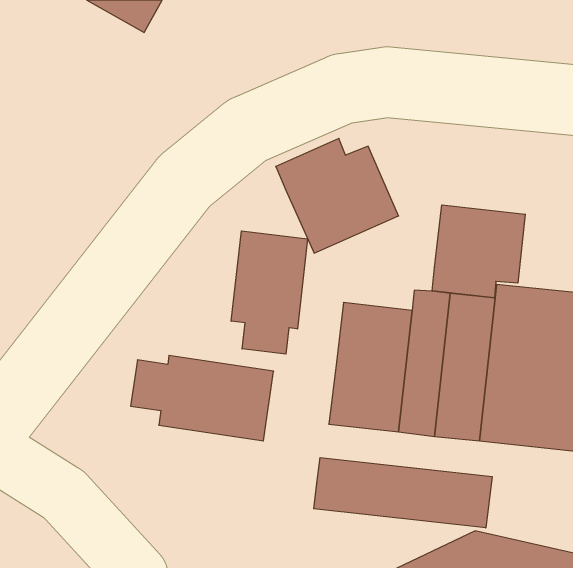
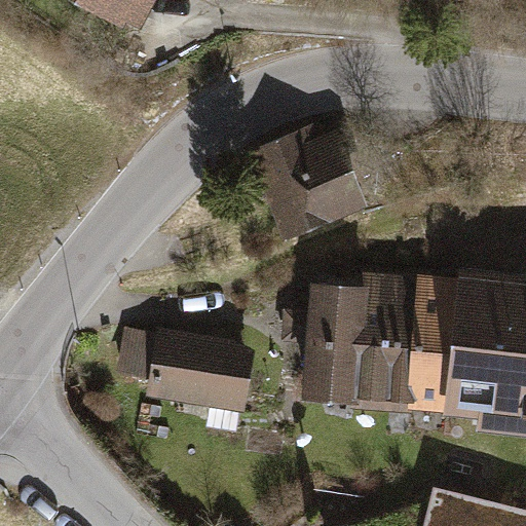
building: [432,205,525,298] -> none
building: [231,231,308,354] -> none
building: [314,458,492,528] -> none

